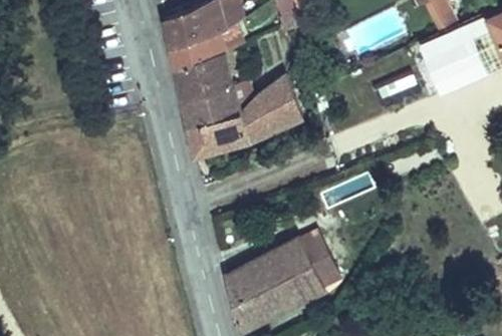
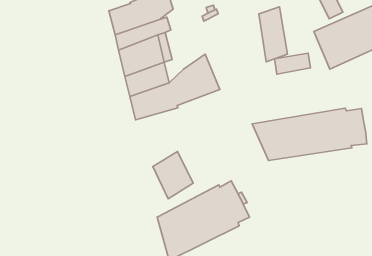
building: none -> [259,7,287,62]
building: none -> [252,108,367,160]
building: none -> [153,151,193,199]

